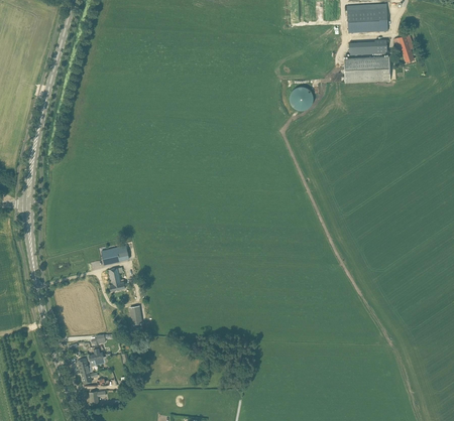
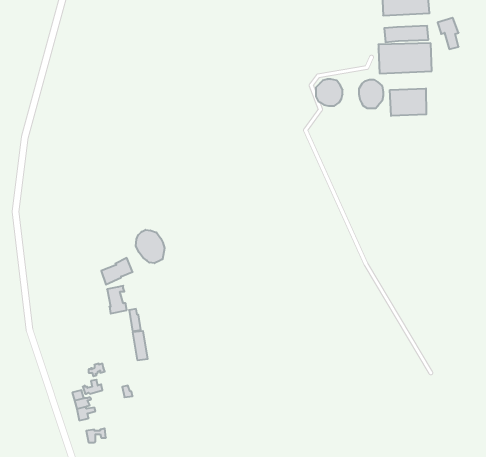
building: none -> [359,80,383,108]
building: none -> [390,88,426,116]
building: none -> [136,230,165,263]

